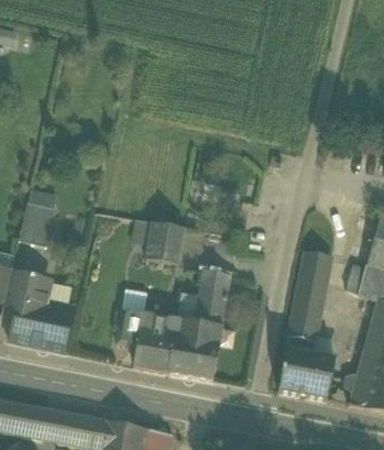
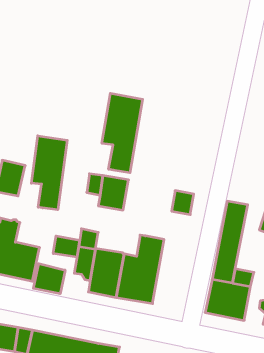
building: none -> [102,93,143,173]
building: none -> [31,136,67,210]
building: [204,270,231,299] -> [172,191,194,215]
building: none -> [53,236,79,257]
building: none -> [33,264,65,294]

